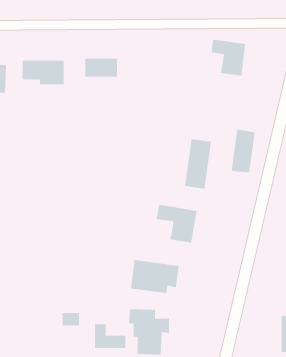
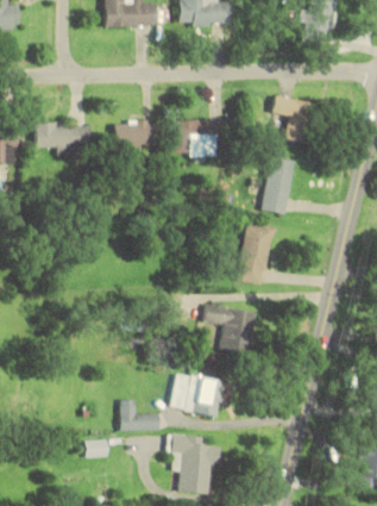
building: none -> [175,121,227,154]
building: [231,129,256,173] -> [263,160,294,214]
building: [94,324,126,349] -> [120,400,161,431]

